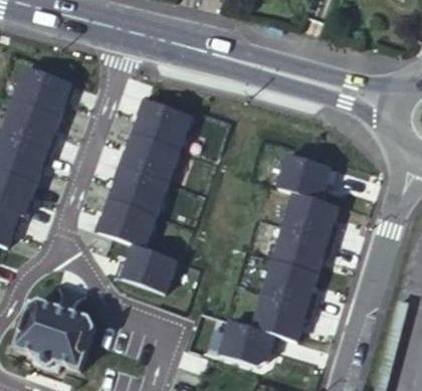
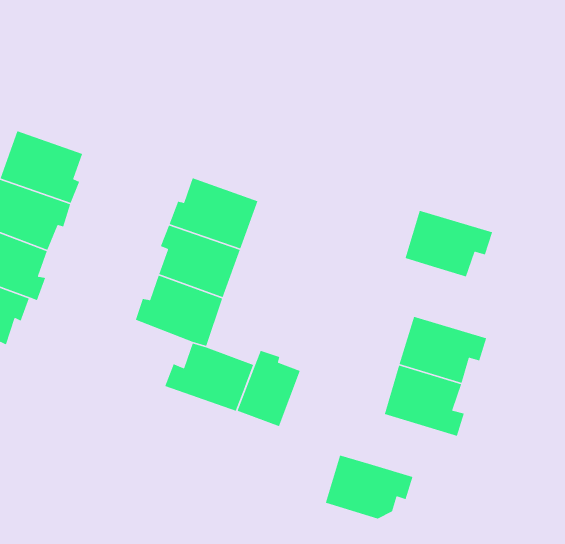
building: [14,67,75,117] -> none
building: [134,99,191,149] -> none
building: [284,193,340,242] -> none
building: none -> [237,350,301,427]
building: [254,295,314,342] -> none
building: [15,302,92,369] -> none

